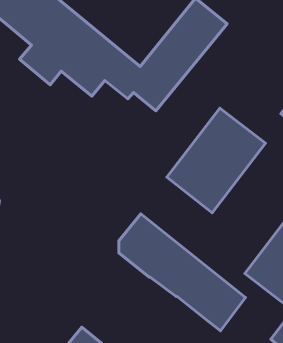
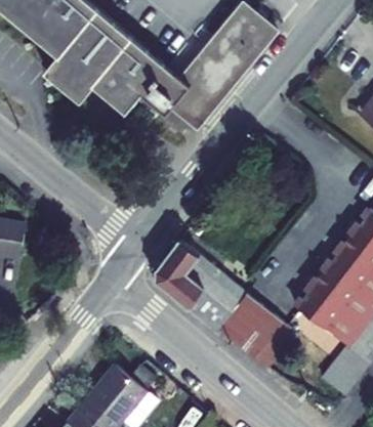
building: [167,108,266,213] -> none

